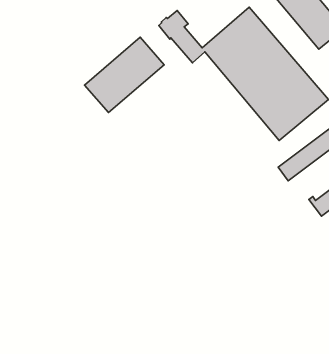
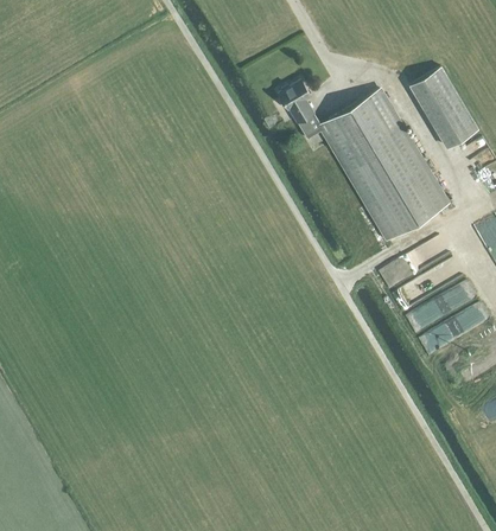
building: [85,37,164,112] -> none

